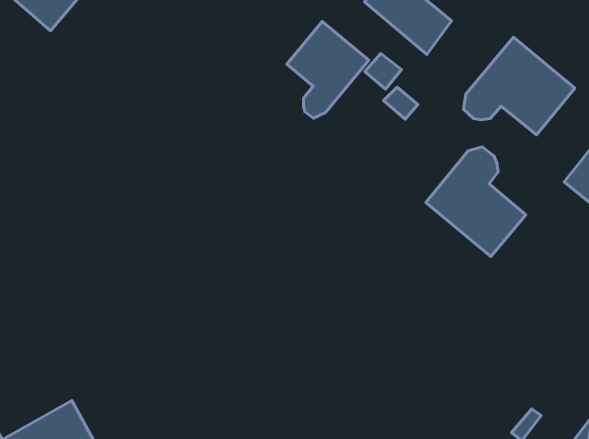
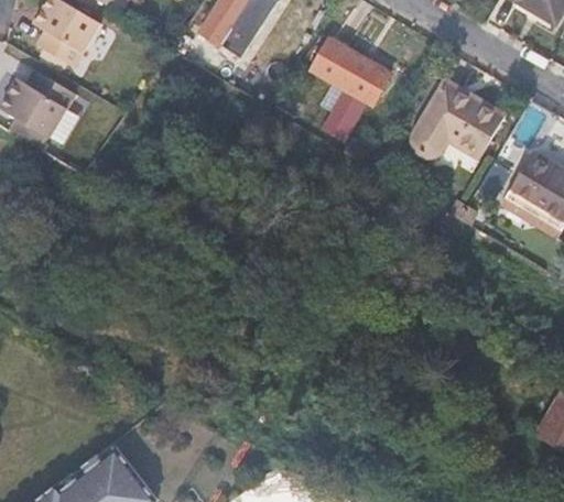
building: [287,22,369,118] -> none
building: [426,147,526,256] -> none

